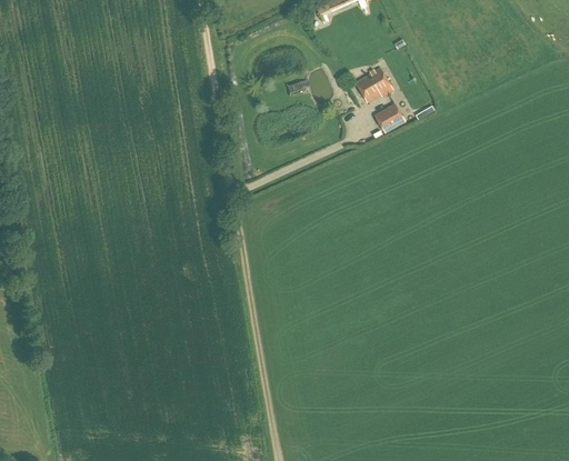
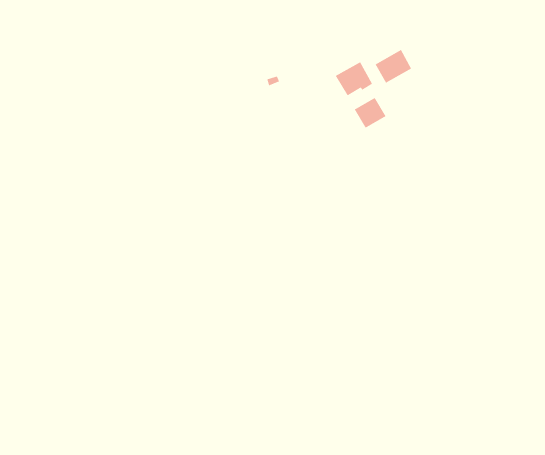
building: none -> [375,49,412,84]

